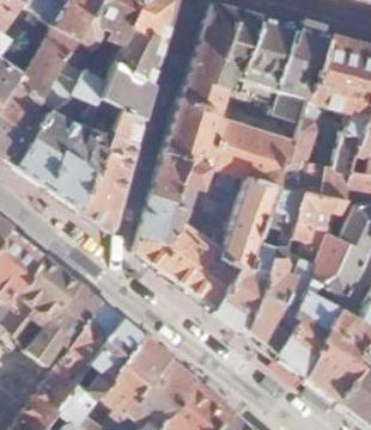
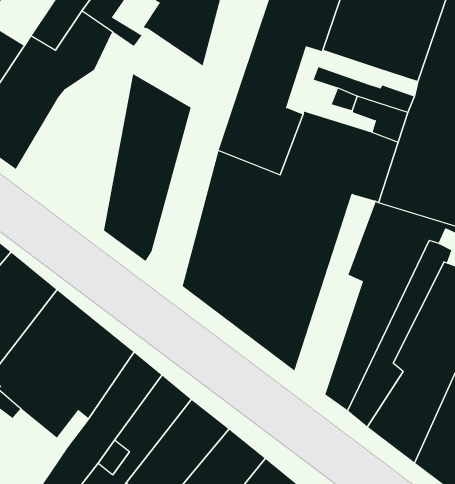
building: [18,64,154,211] -> none
building: [221,185,280,331] -> none

